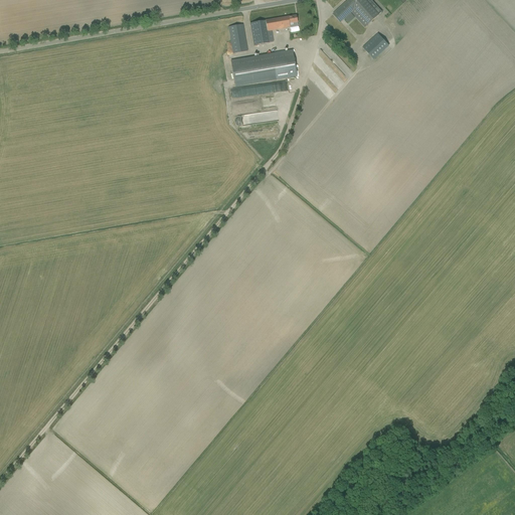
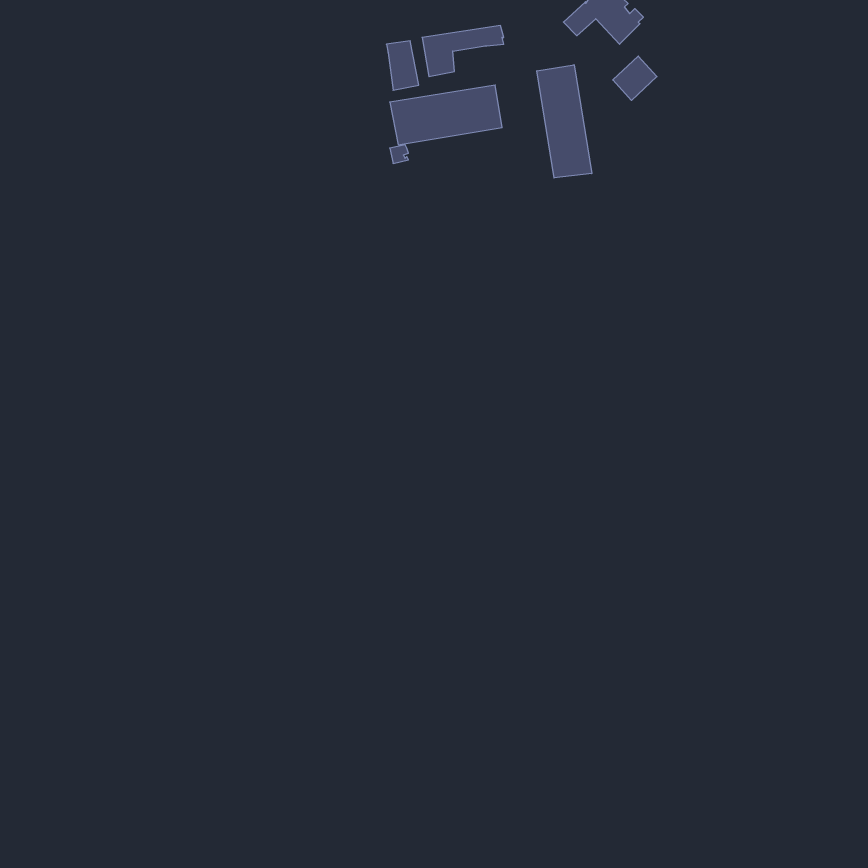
building: none -> [537,65,592,178]

